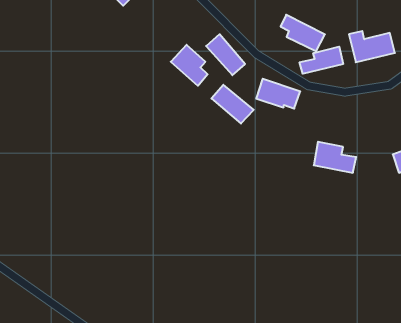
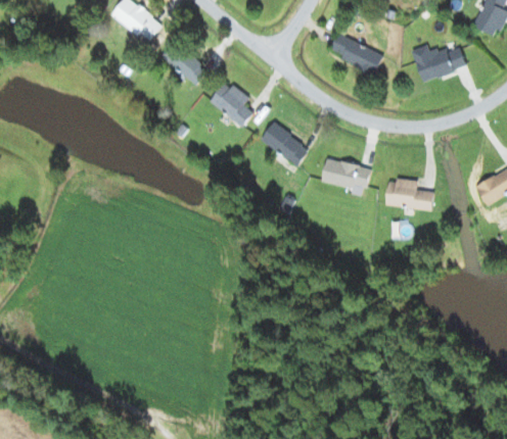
building: [206,34,245,75] -> [160,40,208,86]
building: [300,47,343,74] -> none
building: [256,79,300,109] -> [321,157,371,188]

